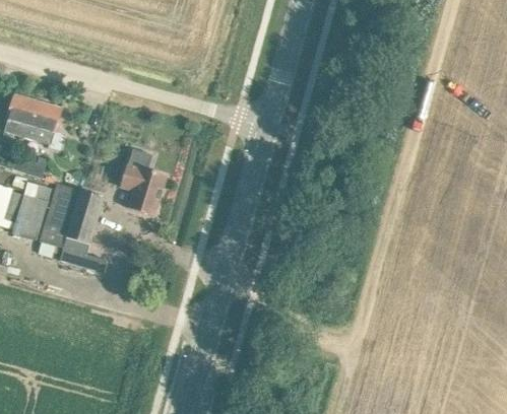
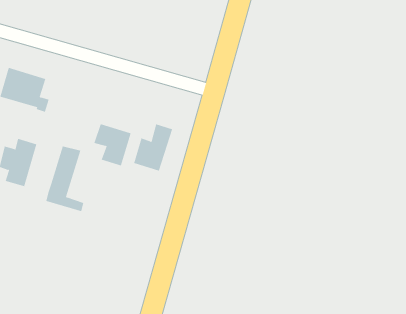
building: none -> [133,124,173,171]
building: [40,183,80,247] -> none

